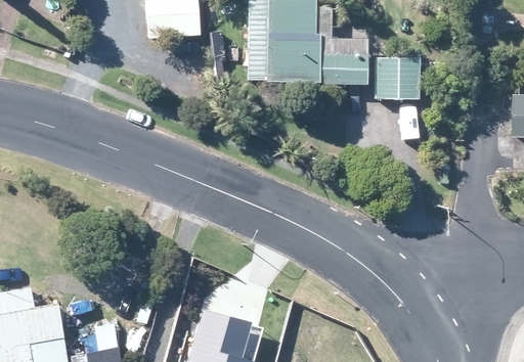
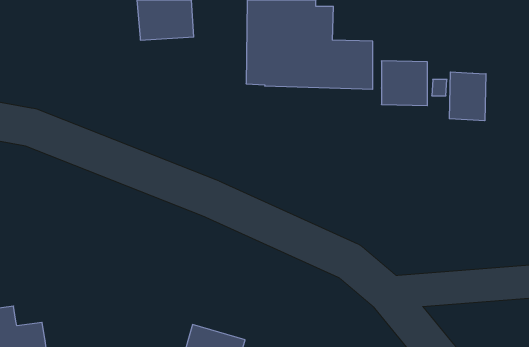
building: none -> [449,72,486,121]

